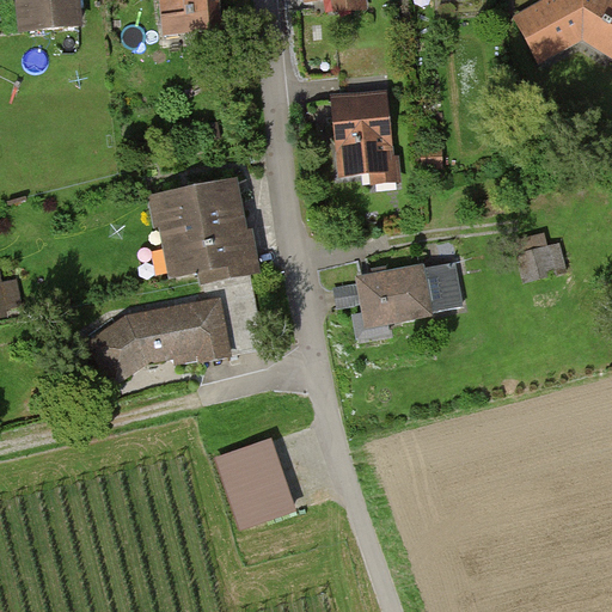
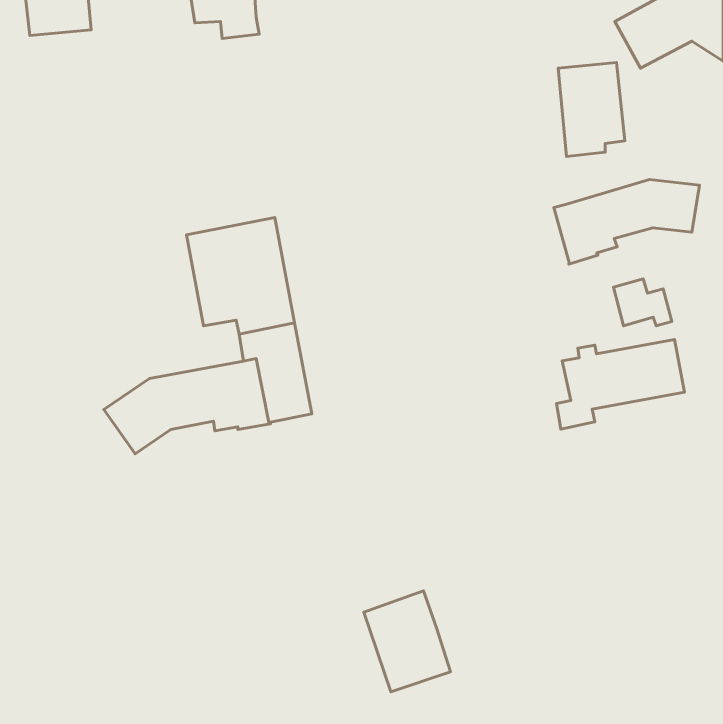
building: [332,94,388,173] -> [558,62,625,156]
building: none -> [554,179,699,264]
building: [353,262,460,337] -> [556,339,685,429]
building: [216,441,289,526] -> [364,591,451,692]

